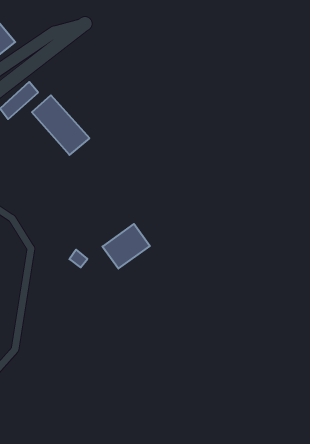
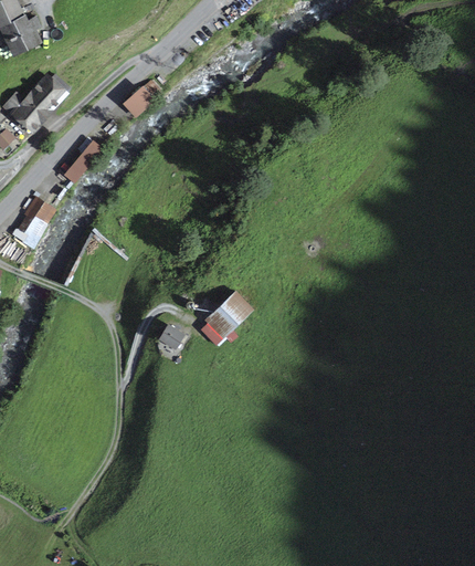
building: none -> [119,84,154,117]
building: [32,95,89,155] -> none

